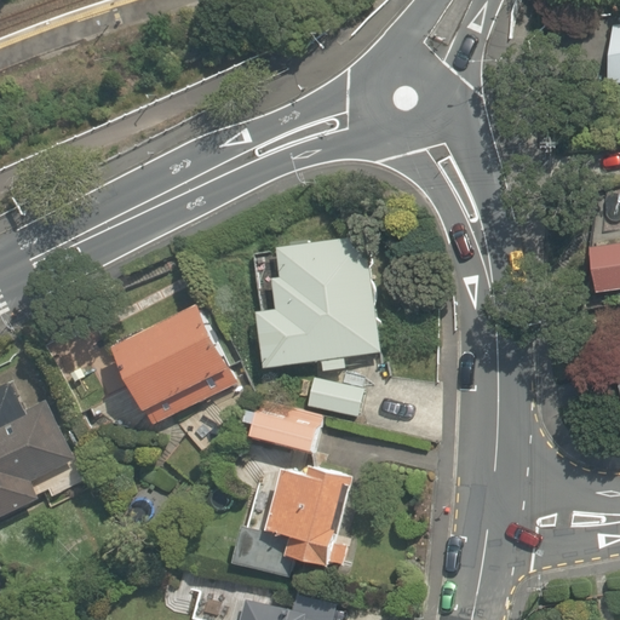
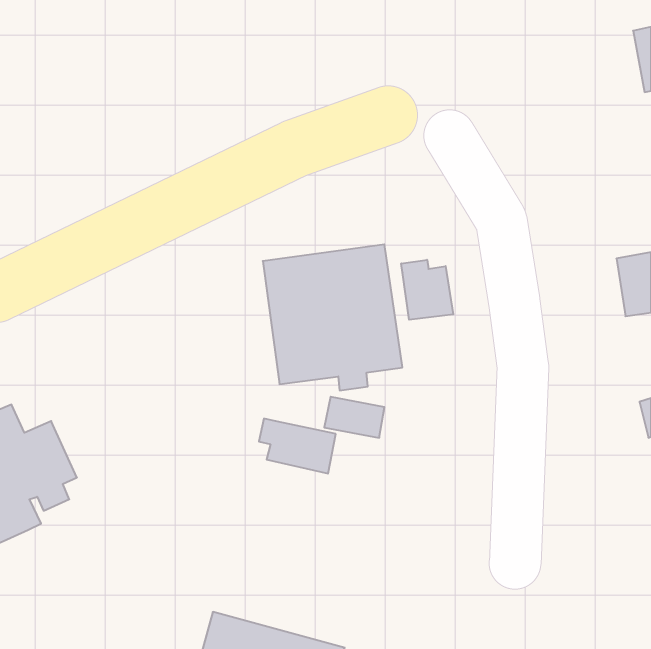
building: none -> [401,260,453,320]
building: [110,302,232,427] -> none
building: [236,461,356,575] -> none

